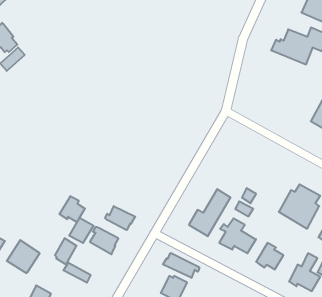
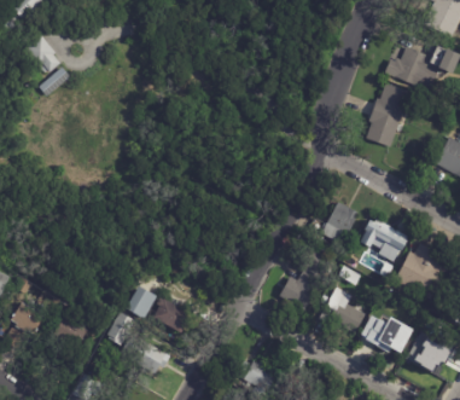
building: none -> [366,82,409,145]
building: none -> [309,201,359,243]
building: none -> [361,211,404,255]
building: [60,196,85,222] -> none
building: [105,206,135,230] -> none
building: [163,253,199,278] -> none

